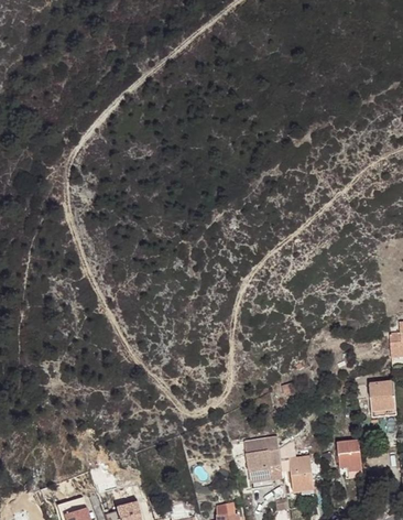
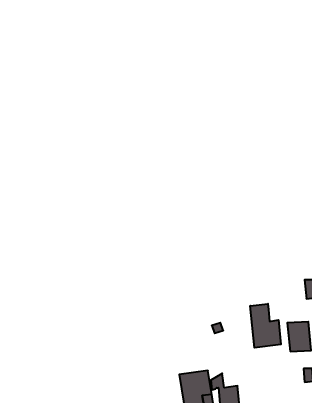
building: none -> [250,304,281,348]
building: [337,441,361,468] -> none

